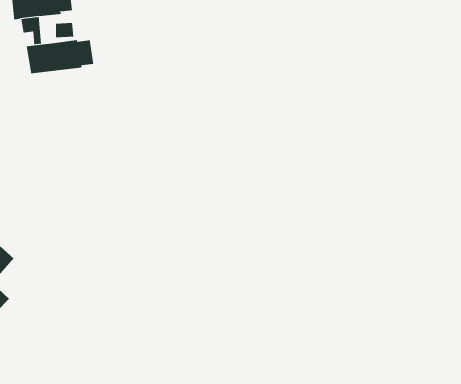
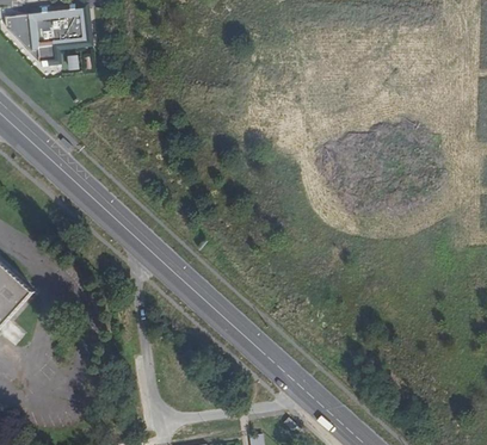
building: [26,39,94,74] -> none

